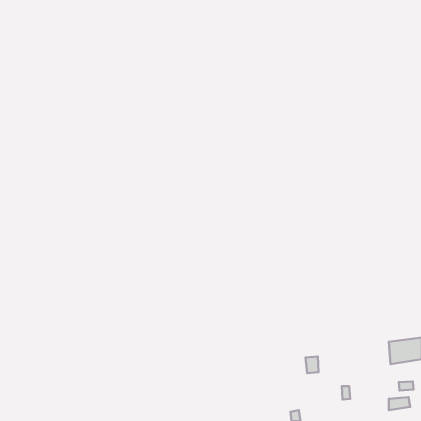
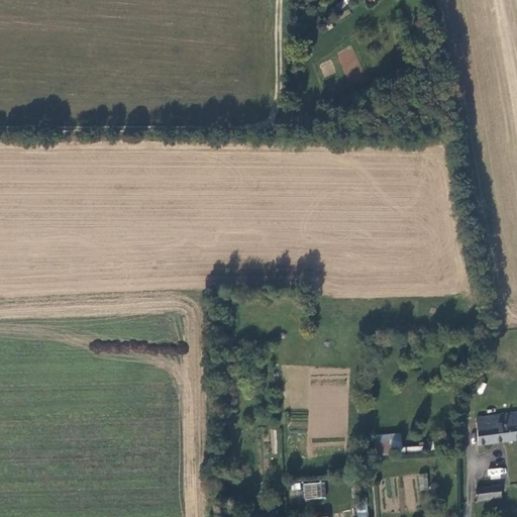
building: none -> [304,482,326,499]

